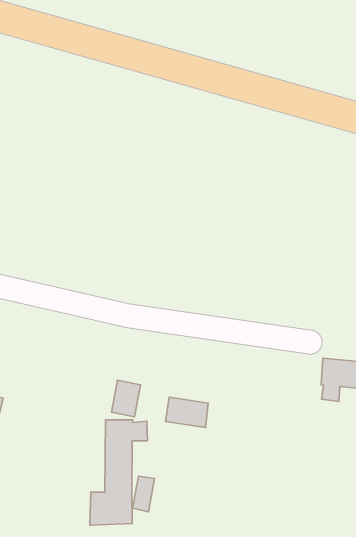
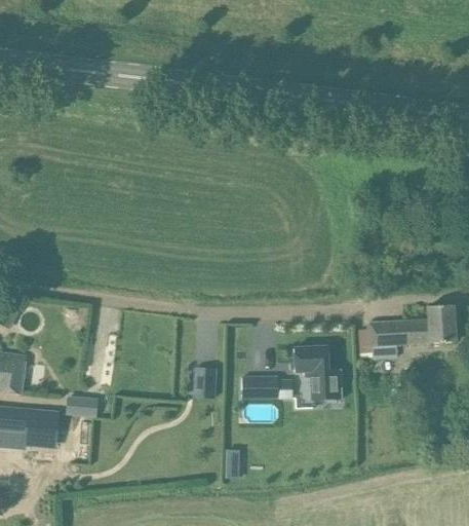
building: none -> [294,346,343,400]
building: [90,420,148,525] -> none

